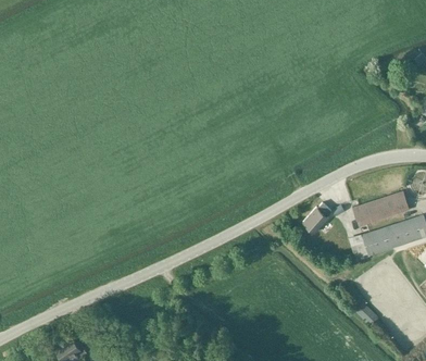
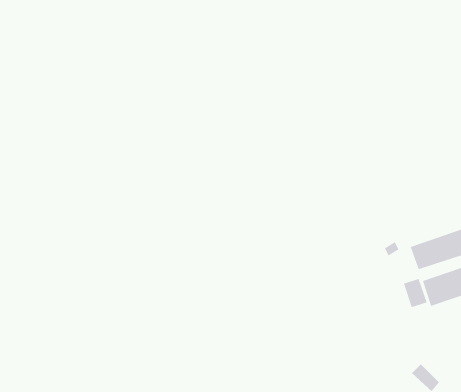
building: [303,203,331,234] -> none

